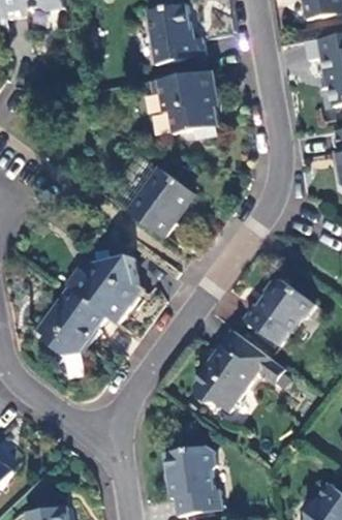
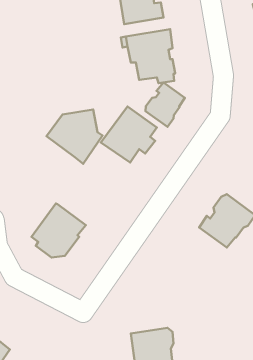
building: none -> [145,82,185,127]
building: [71,256,141,324] -> [46,110,102,164]
building: [193,327,284,409] -> none

